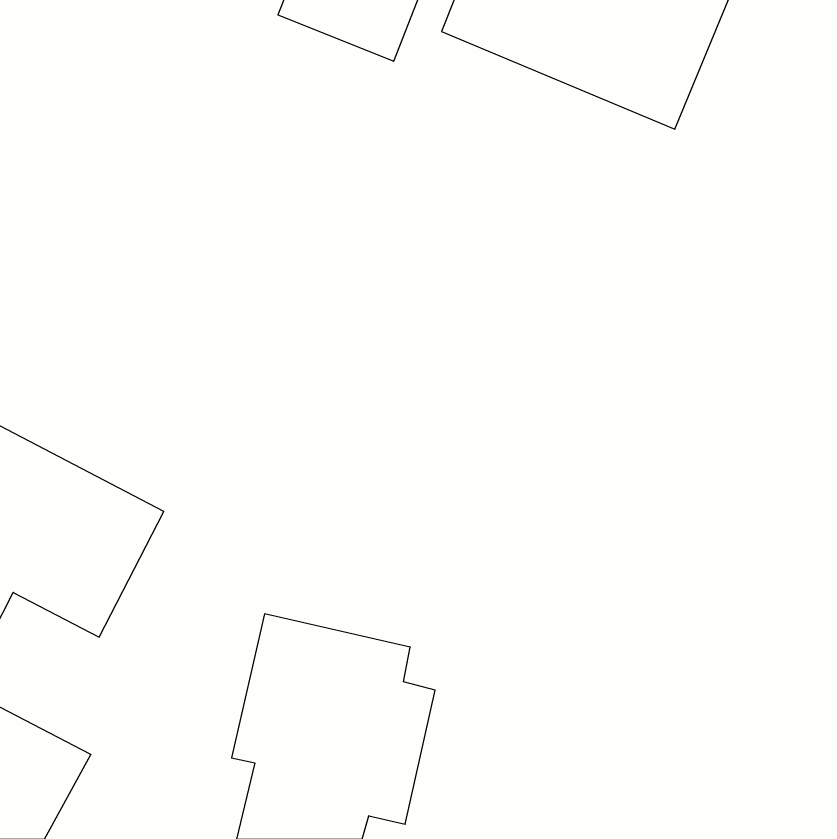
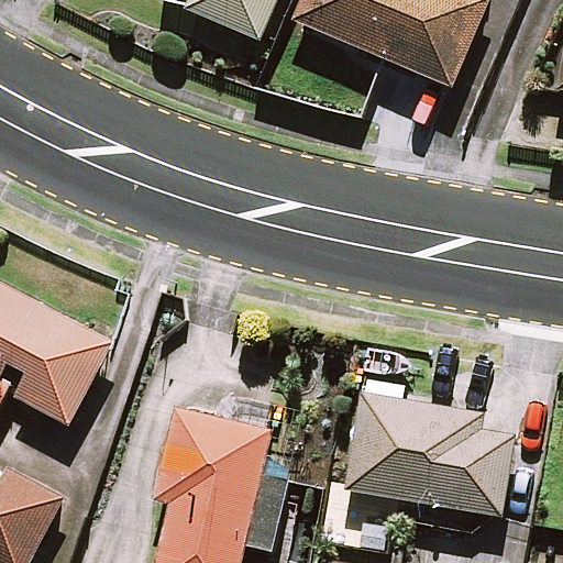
building: none -> [345,378,511,515]

